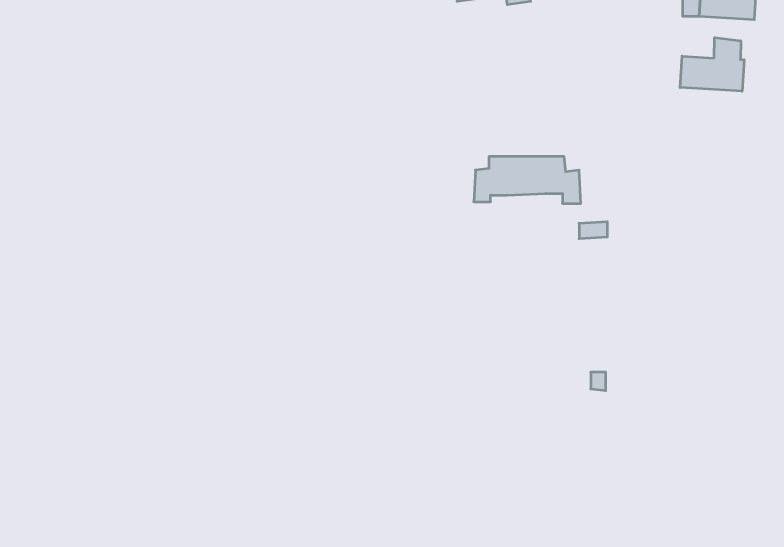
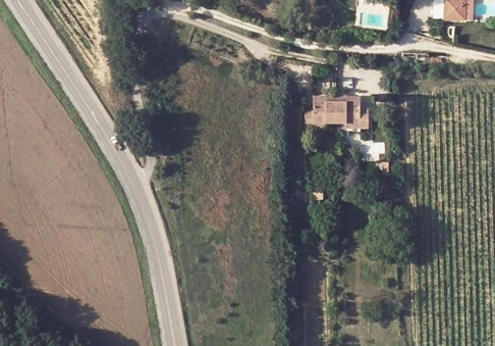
building: [680,38,744,91] -> none

